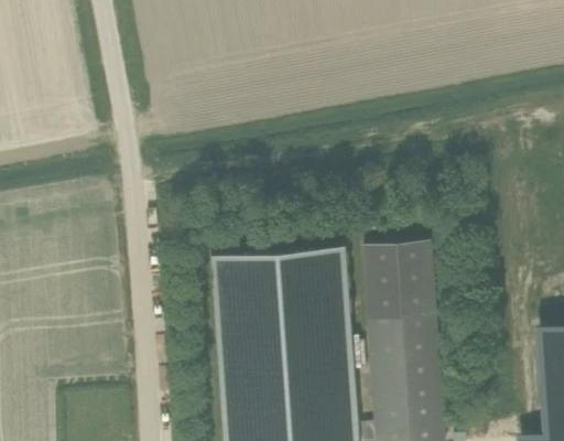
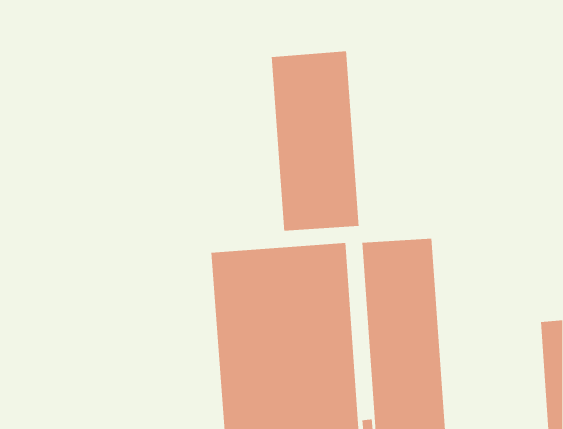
building: none -> [271,51,359,231]

